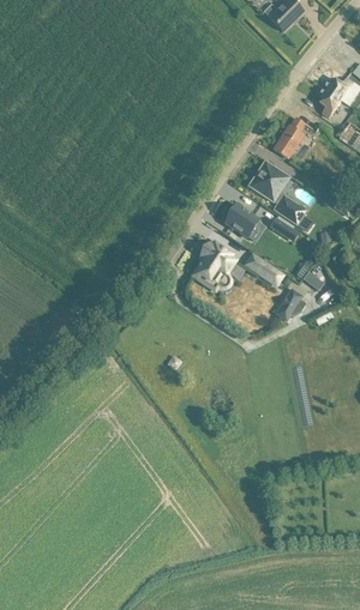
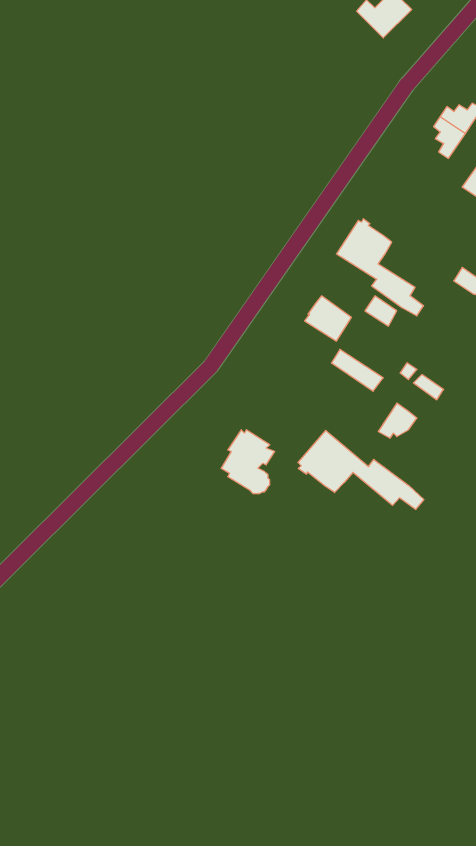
building: [272,116,302,157] -> none
building: [196,242,234,288] -> [221,430,275,493]
building: none -> [298,430,424,509]

